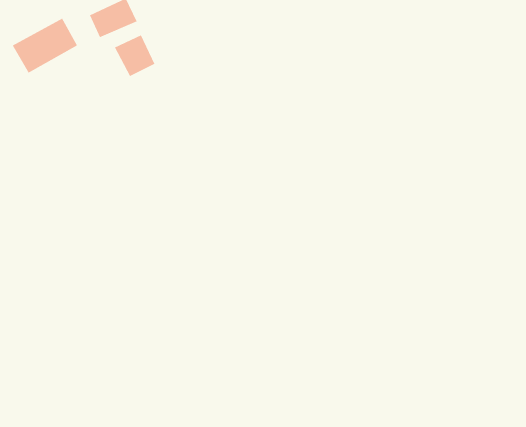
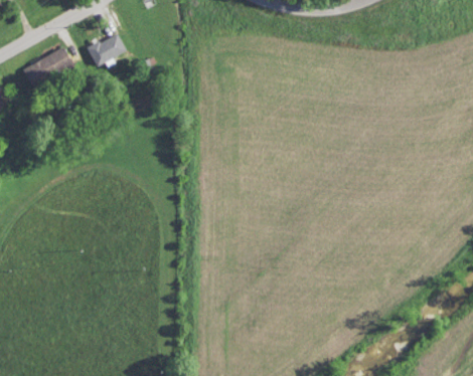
building: [114,34,155,77] -> none

